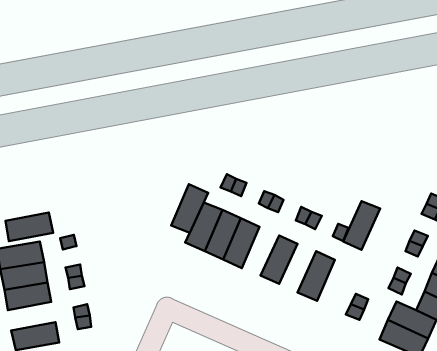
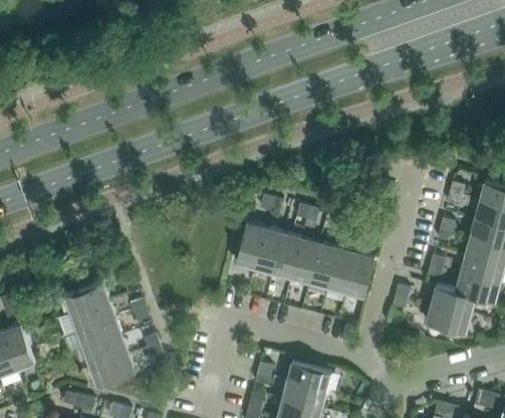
building: [171,184,208,233] -> [290,238,319,282]
building: [343,201,380,250] -> [326,248,355,292]
building: [6,212,53,241] -> [83,337,129,369]

